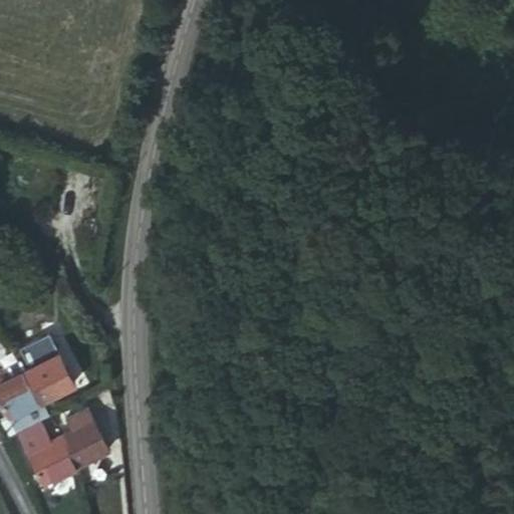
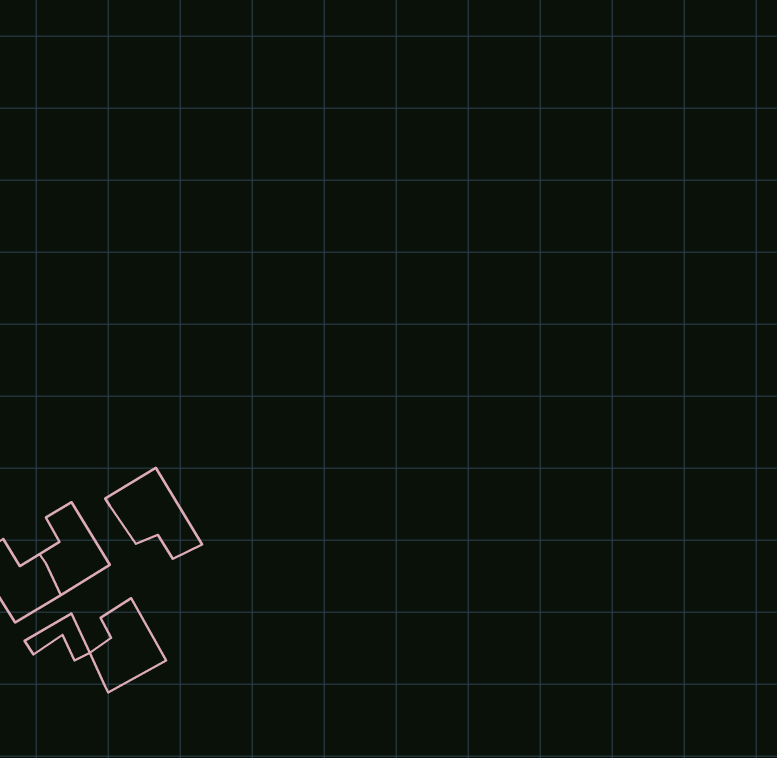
building: none -> [105,468,202,559]
building: [22,432,71,485] -> none

